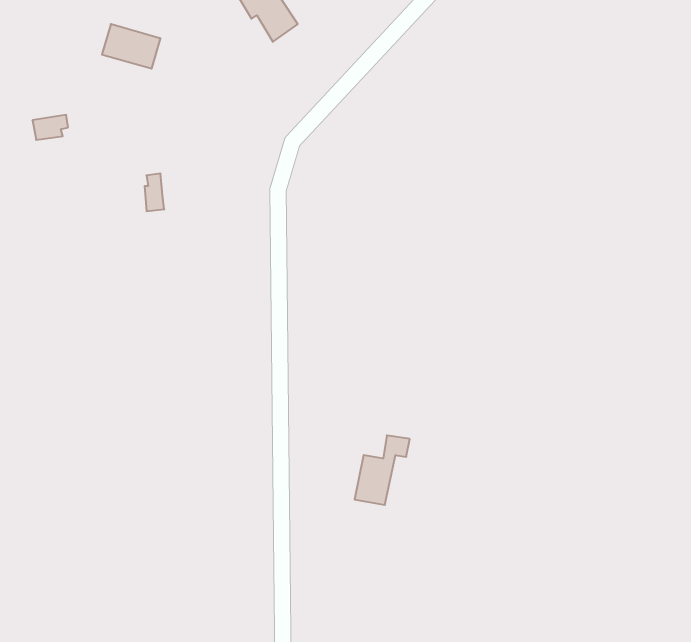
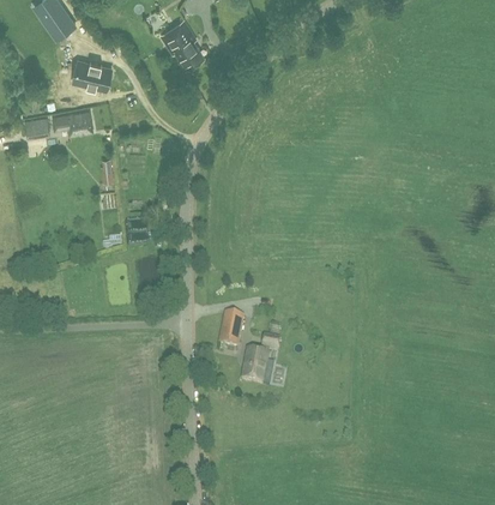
building: none -> [53,113,92,136]
building: none -> [217,311,243,345]

